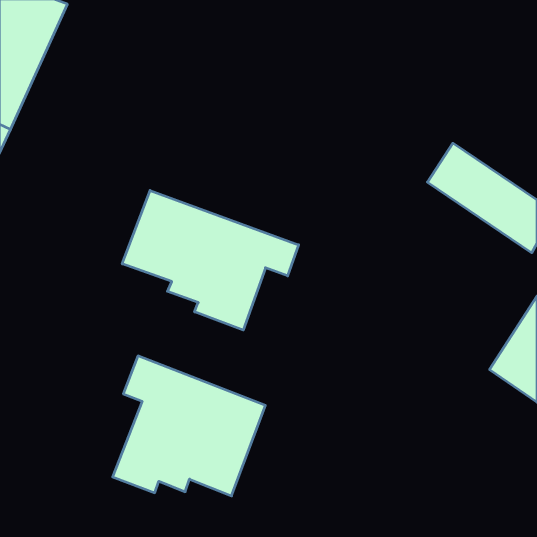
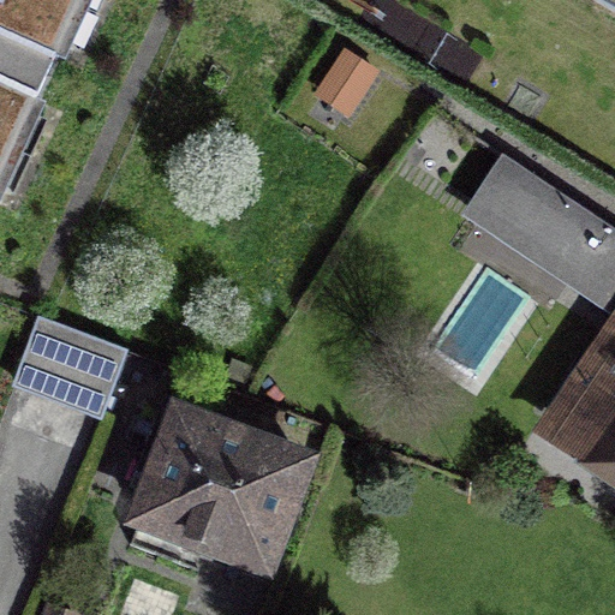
building: [122,190,299,330] -> none
building: none -> [13,316,127,413]

